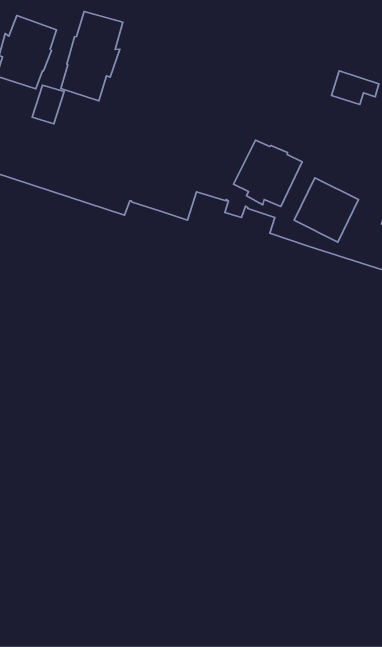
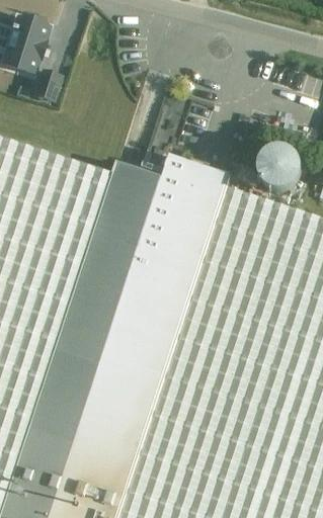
building: [61,11,123,101] -> none
building: [233,140,302,207] -> none

